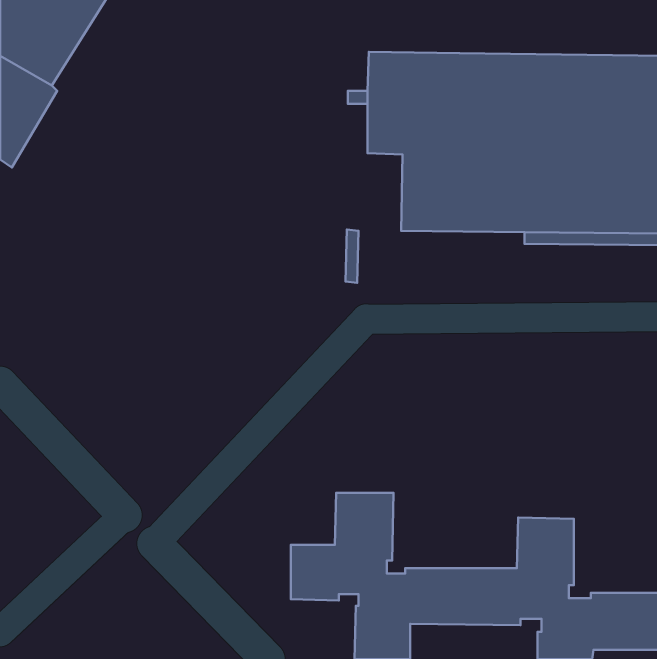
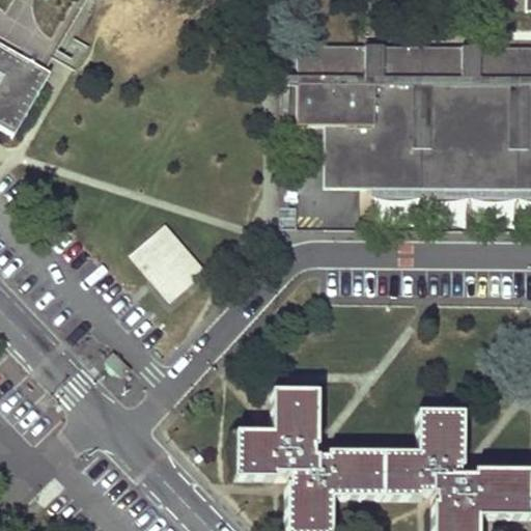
building: none -> [131,222,205,298]

